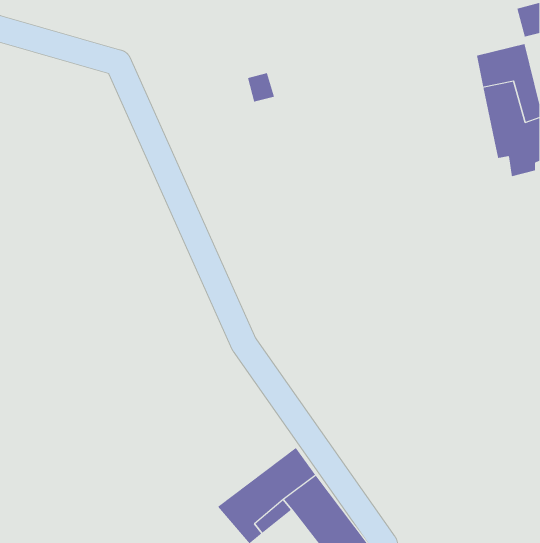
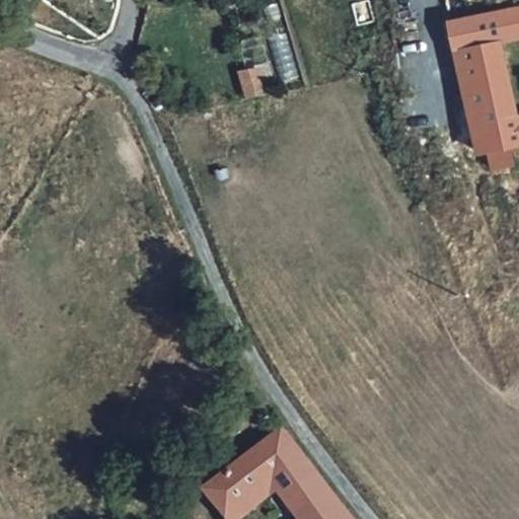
building: none -> [446,9,499,48]

